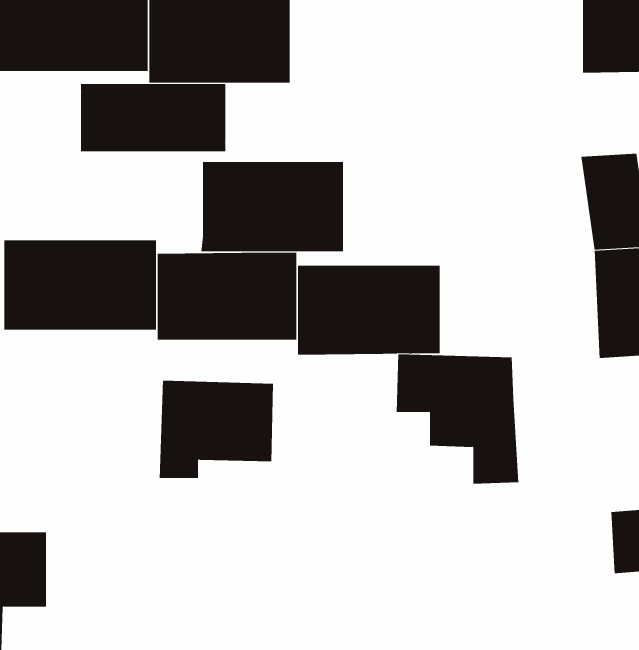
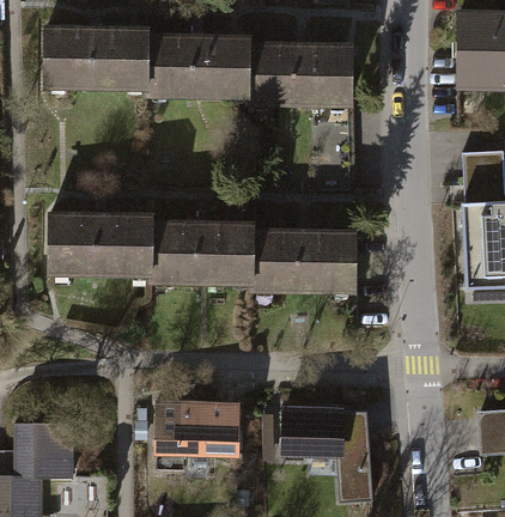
building: [81,83,226,152] -> none
building: [200,162,344,252] -> [248,45,351,110]
building: [396,354,519,484] -> [286,406,375,499]
building: [159,380,274,478] -> [152,400,235,470]

